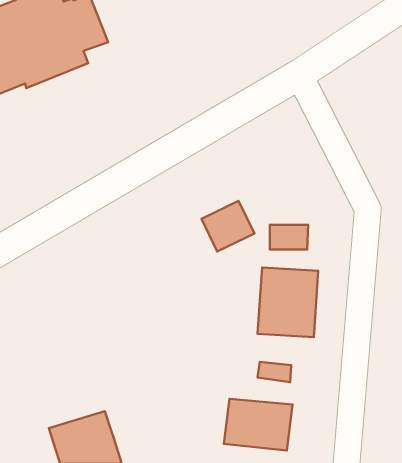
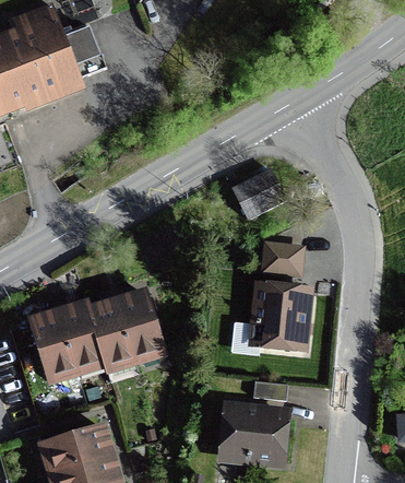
building: [202,201,254,251] -> [234,170,285,220]
building: none -> [31,291,163,375]

